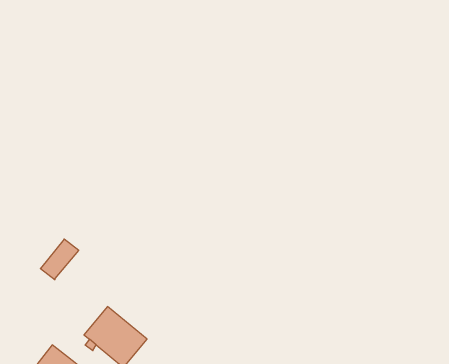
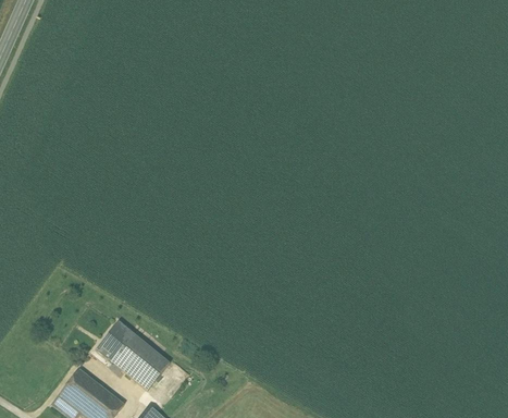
building: [40,239,79,280] -> [96,320,133,359]

